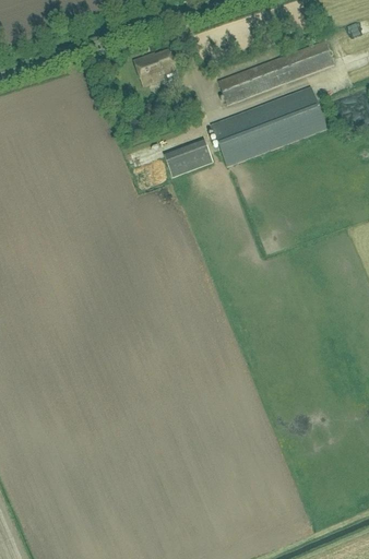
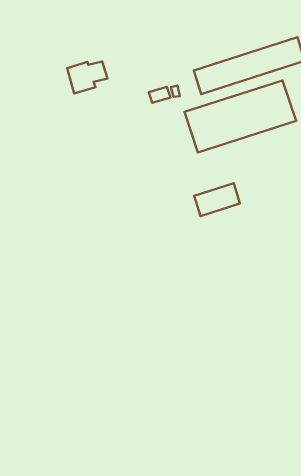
building: [133,49,176,84] -> [67,61,107,94]
building: [165,140,213,176] -> [194,183,240,216]

